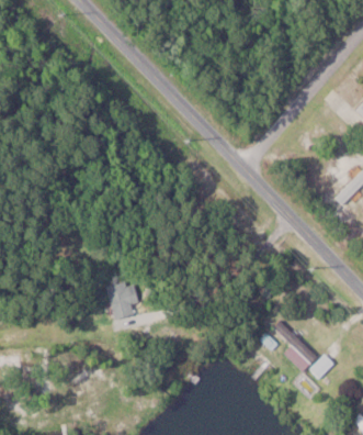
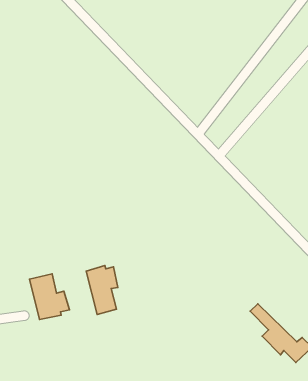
building: none -> [30,274,69,320]

